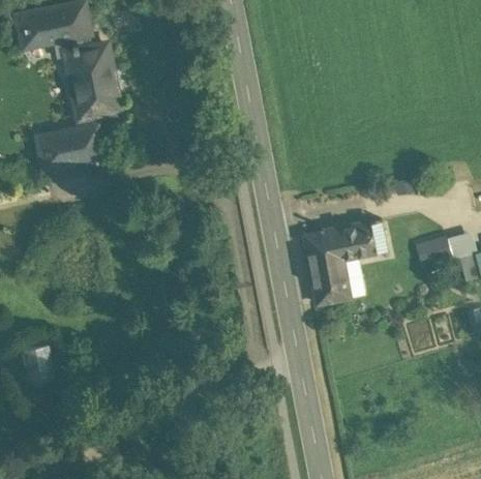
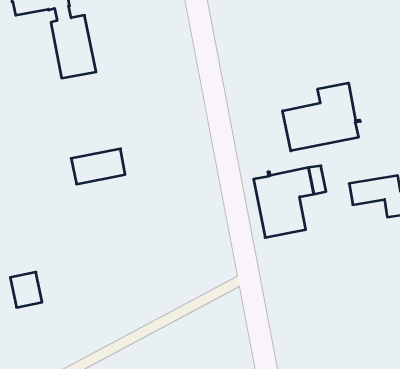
building: none -> [283,83,360,151]
building: [39,125,102,167] -> [71,149,125,184]

